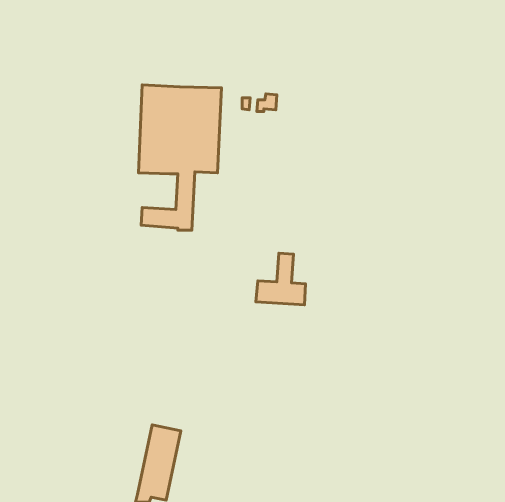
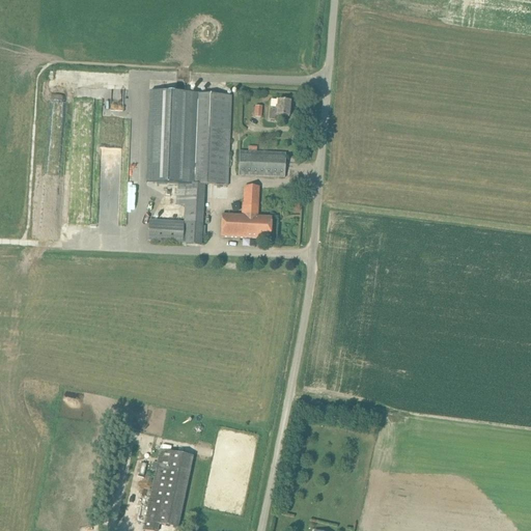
building: none -> [239,149,285,175]
building: [256,253,305,305] -> [220,184,272,237]

